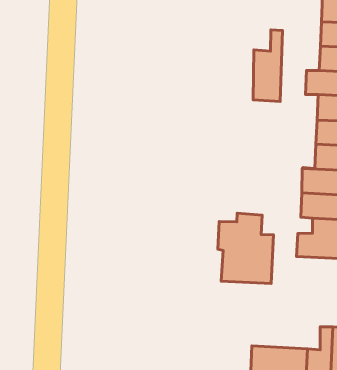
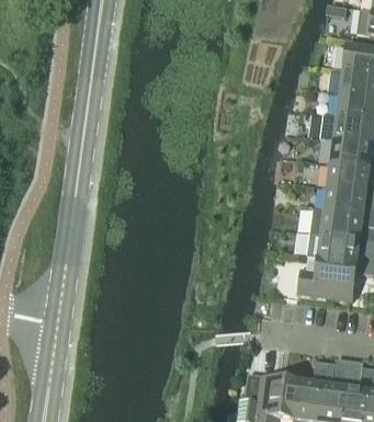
building: [253,30,282,102] -> none
building: [218,213,273,283] -> none

